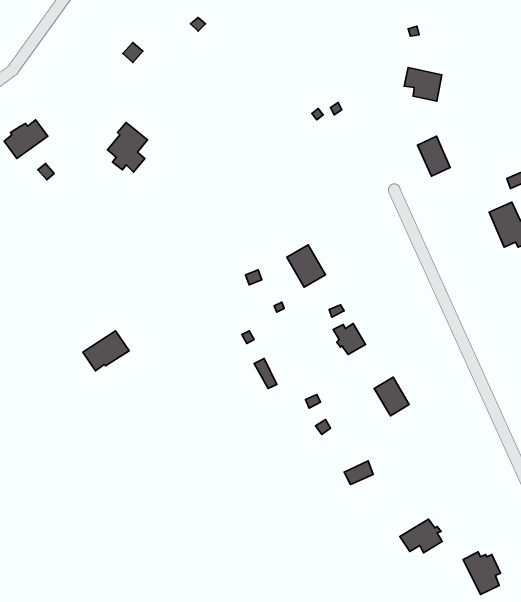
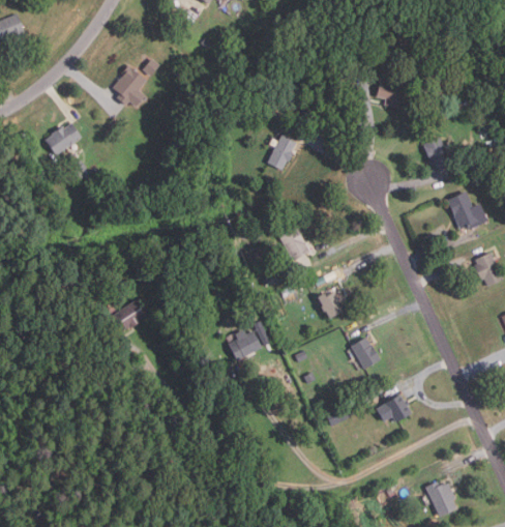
building: [107,122,147,172] -> [113,65,146,107]
building: none -> [267,136,295,170]
building: [418,136,450,176] -> [422,137,449,170]
building: none -> [227,329,261,361]
building: [400,519,442,553] -> [376,394,411,422]

